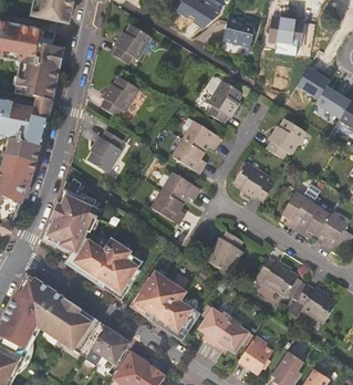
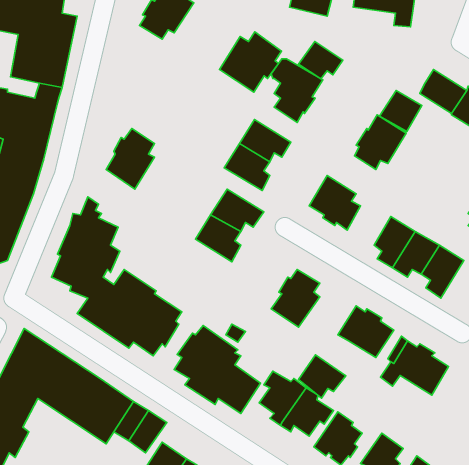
building: none -> [220,32,282,92]
building: none -> [299,41,343,79]
building: [298,66,329,96] -> [379,90,422,131]
building: [98,75,137,115] -> none
building: none -> [298,355,346,398]

